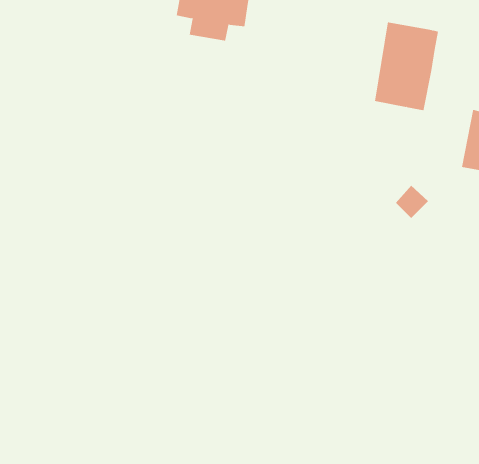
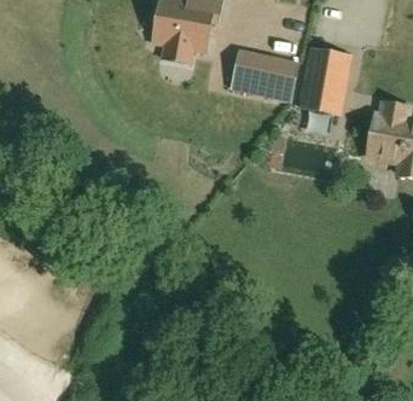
building: none -> [231,53,297,101]

